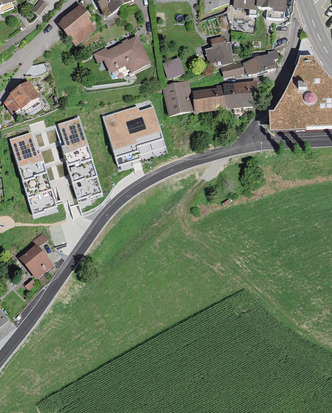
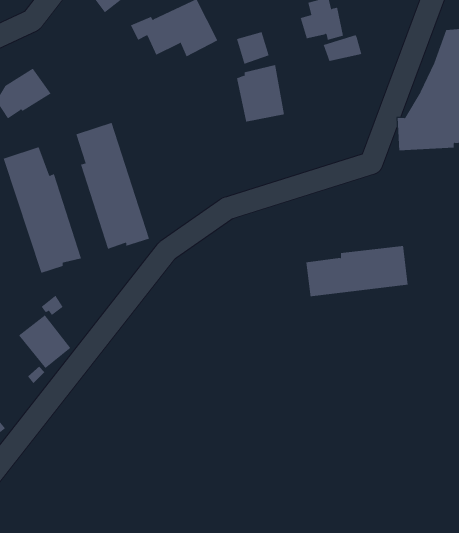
building: [242,48,279,75] -> none
building: [192,80,260,114] -> [305,245,408,297]
building: [100,102,168,167] -> none

